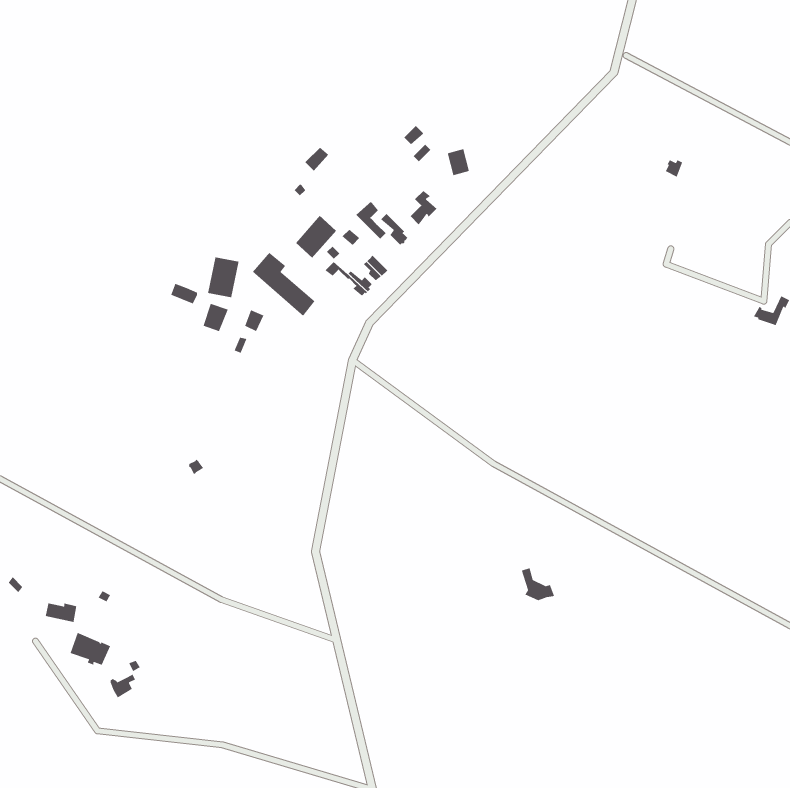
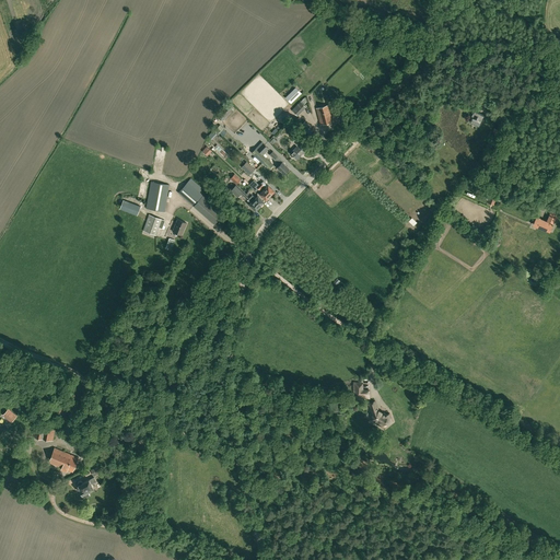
building: [295,215,337,259] -> none

